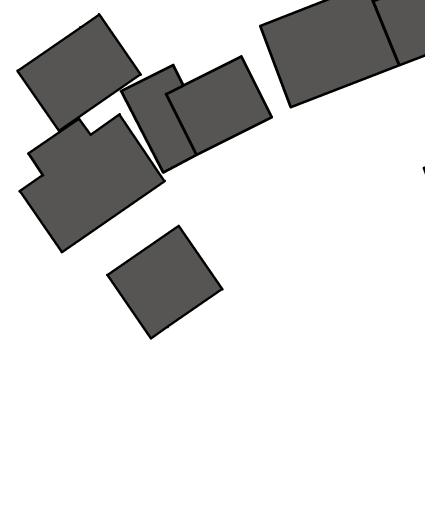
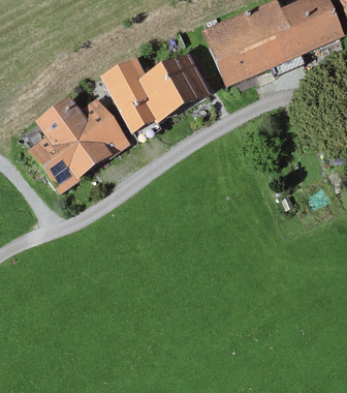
building: [18,14,141,131] -> none
building: [107,226,222,338] -> none

